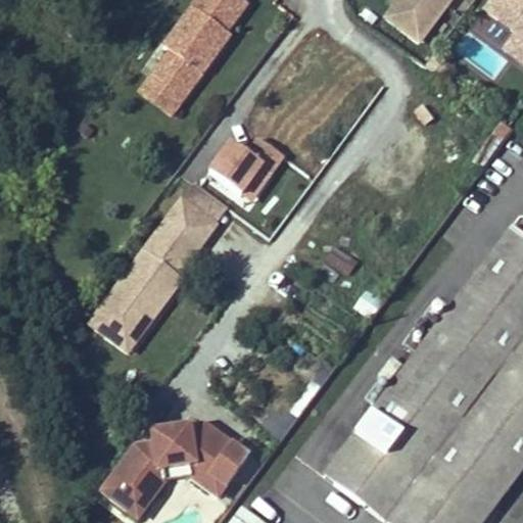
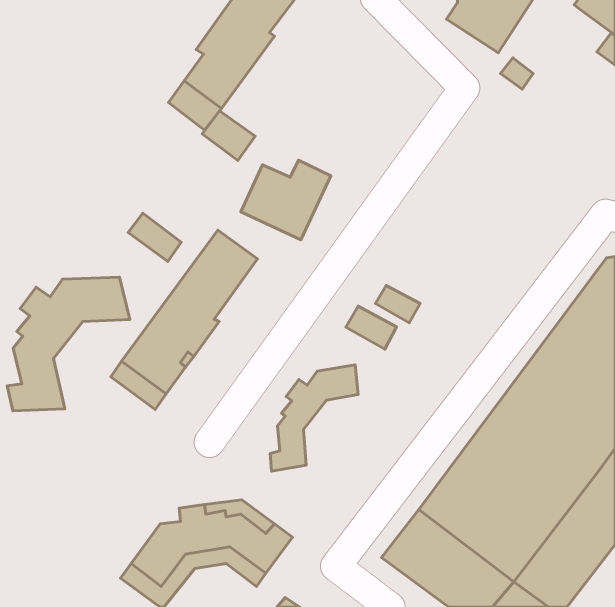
building: none -> [202,111,255,160]
building: [185,179,230,220] -> [128,213,181,261]
building: none -> [7,277,130,411]
building: none -> [346,306,397,349]
building: none -> [270,365,358,471]

